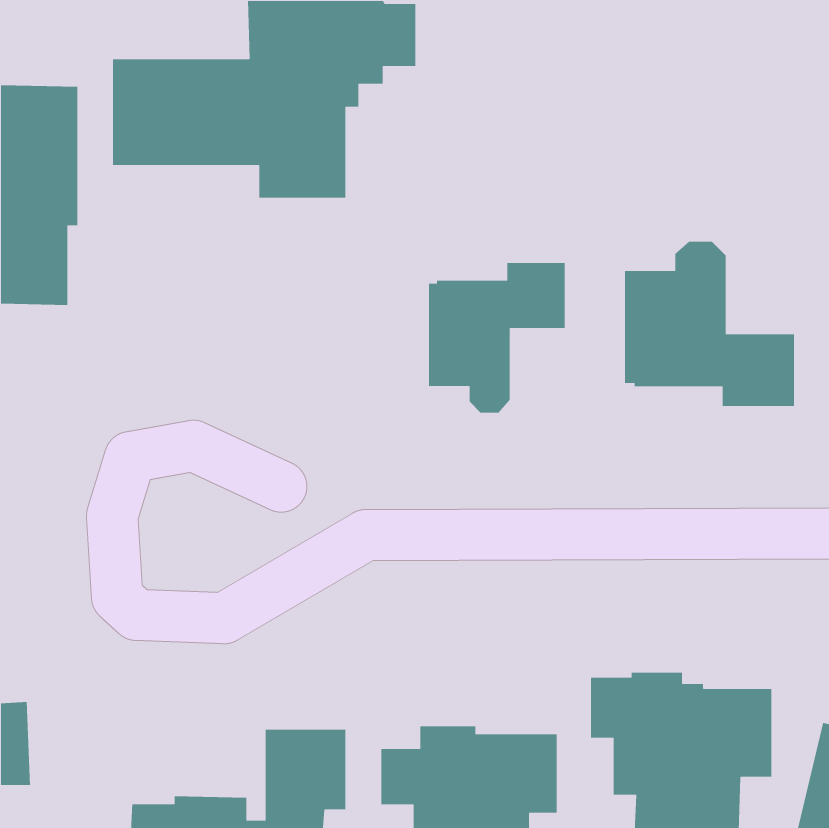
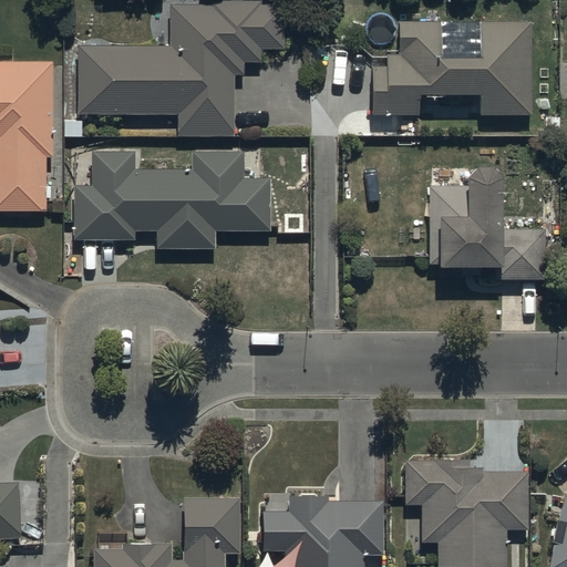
building: none -> [369,20,529,115]
building: none -> [75,151,272,248]
building: [428,262,565,413] -> none

